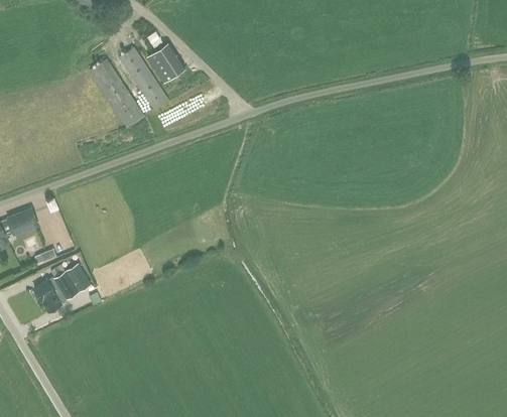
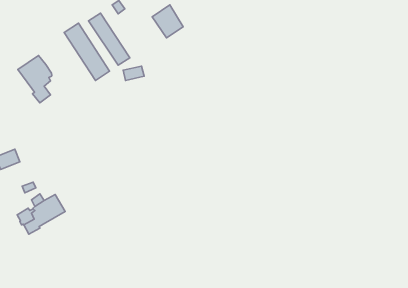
building: [147,42,184,82] -> [152,5,183,38]
building: none -> [18,56,52,103]

